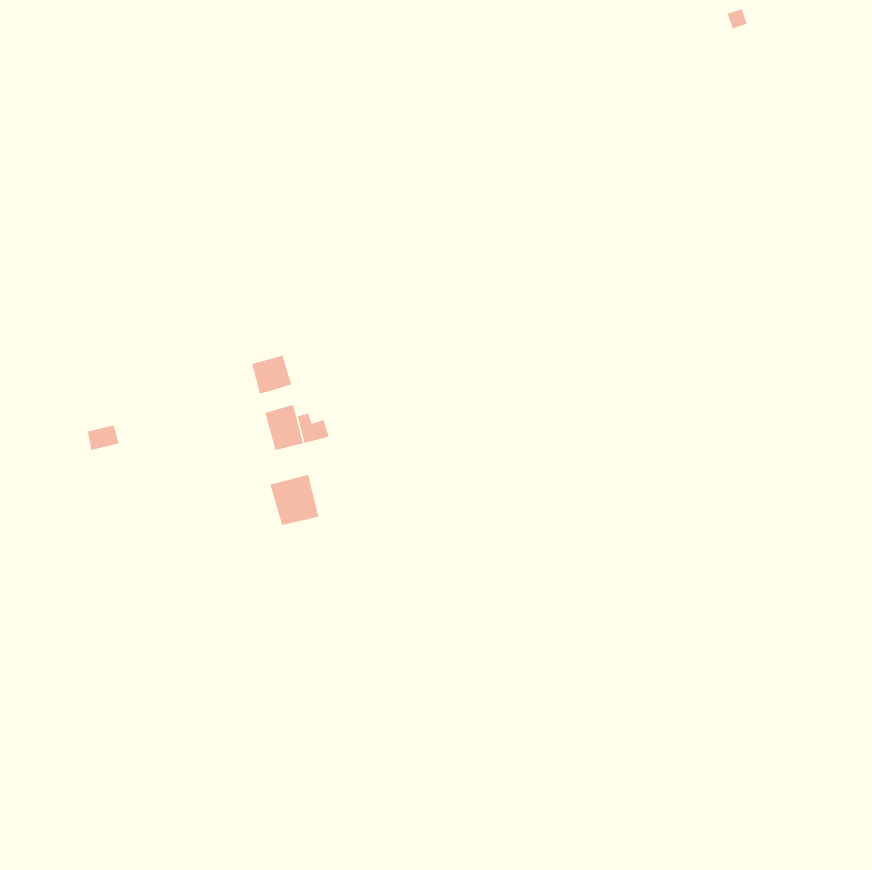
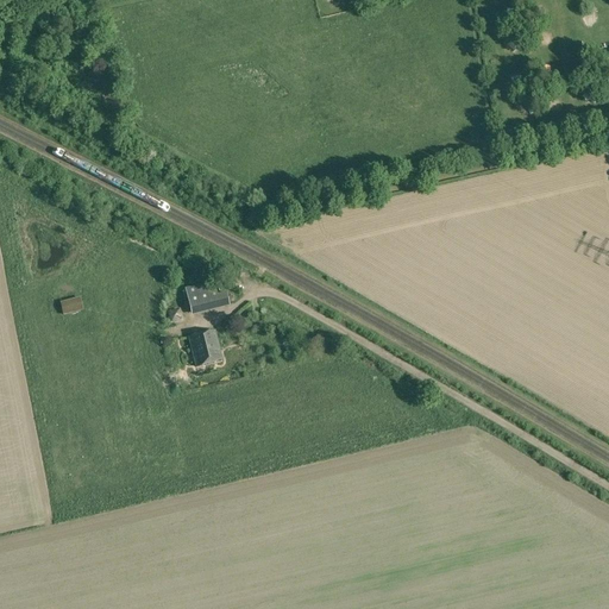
building: [252,355,292,394] -> none

